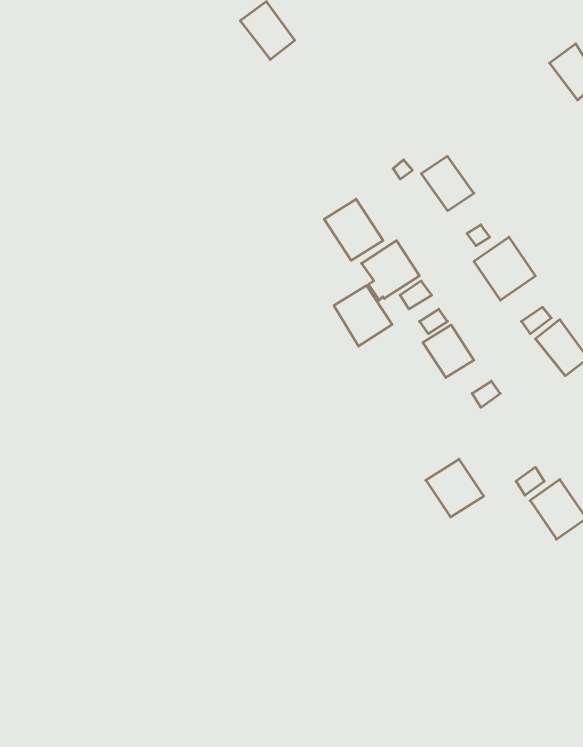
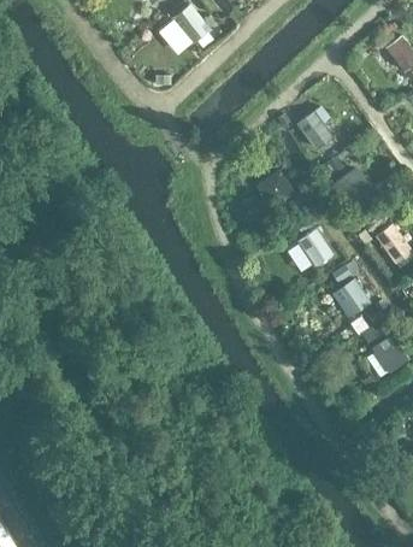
building: [324,199,383,260] -> none
building: [334,286,392,346] -> none
building: [426,459,484,517] -> [331,278,371,318]

